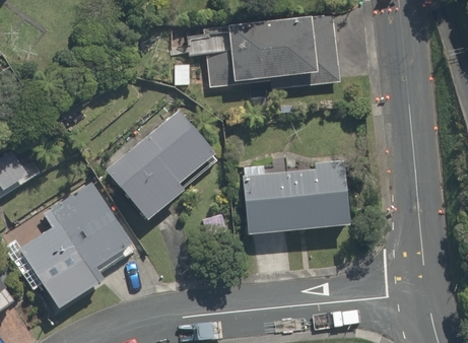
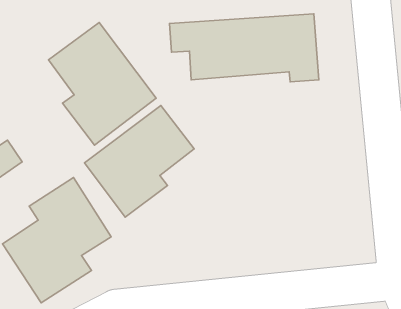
building: none -> [49,23,156,145]
building: [240,158,350,237] -> none

